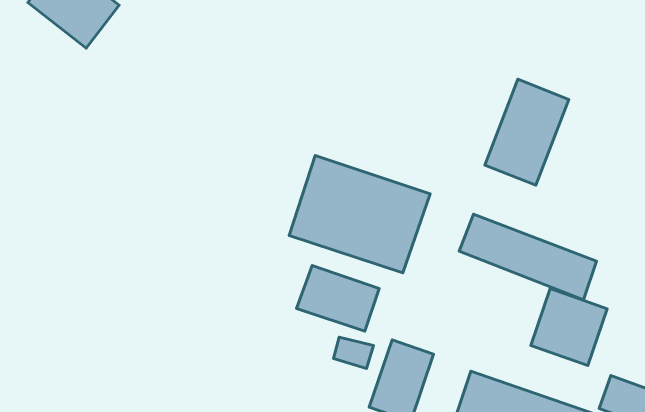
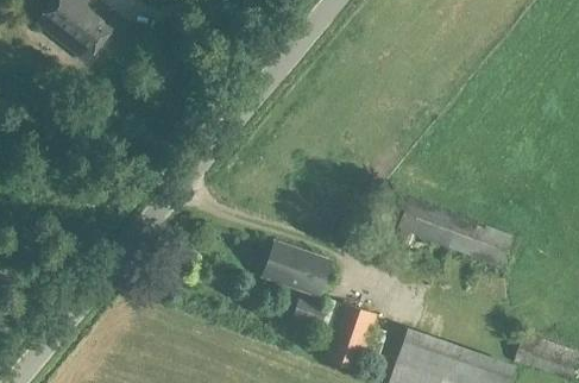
building: [485,79,569,185] -> none
building: [289,155,430,273] -> none
building: [531,289,607,366] -> none

